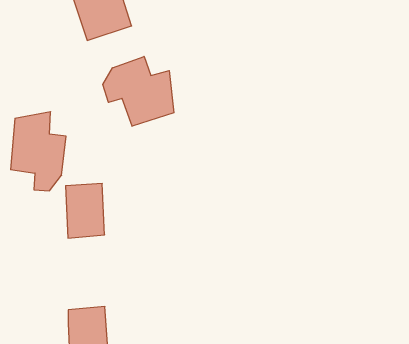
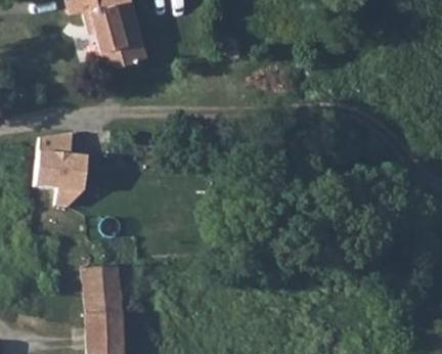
building: [103,56,174,126] -> none
building: [66,184,105,238] -> [86,268,122,318]

